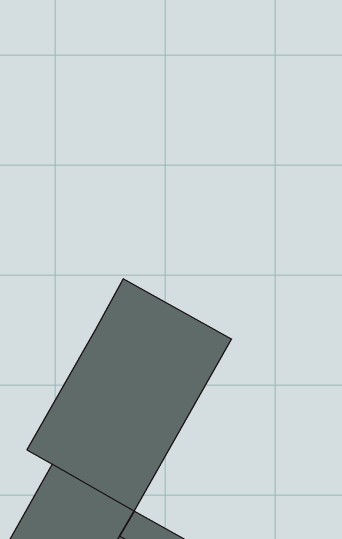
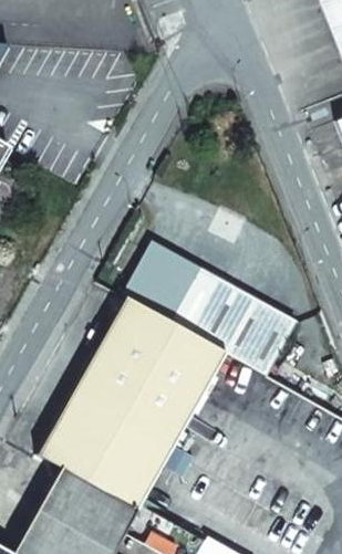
building: none -> [124,242,299,377]

